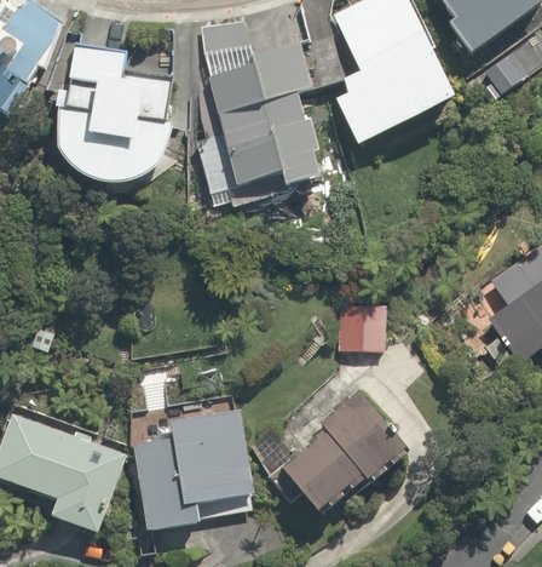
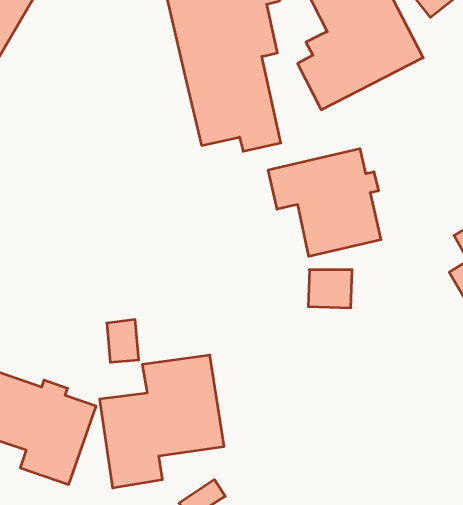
building: [54,41,172,184] -> none
building: none -> [268,149,381,256]
building: [276,393,402,519] -> none

